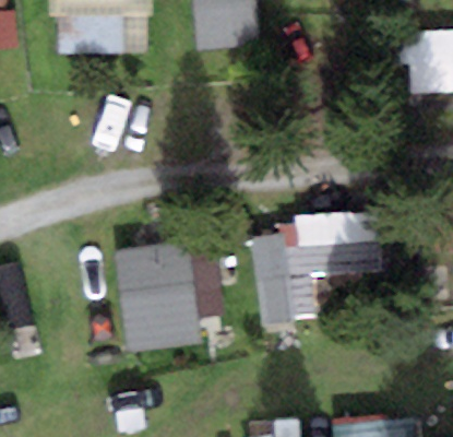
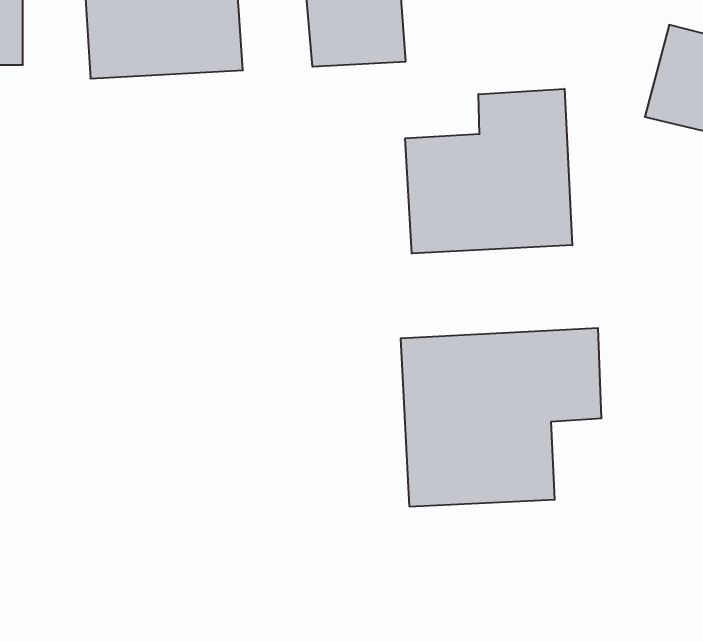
building: none -> [405,89,572,254]
building: [111,238,205,354] -> none

